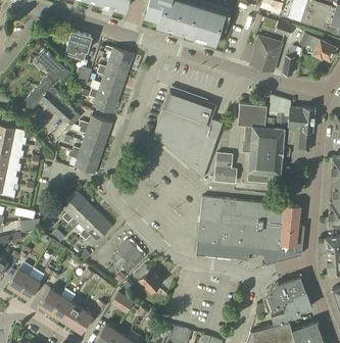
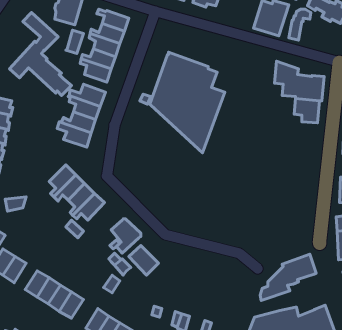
building: [237,102,290,183] -> none
building: [213,153,236,182] -> none
building: [196,197,304,262] -> none
building: [271,291,310,325] -> none

